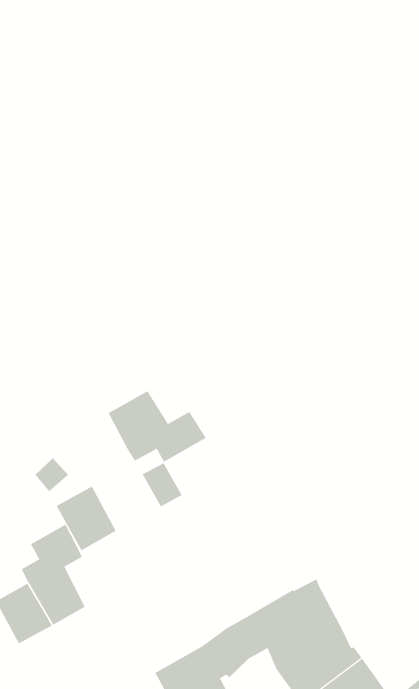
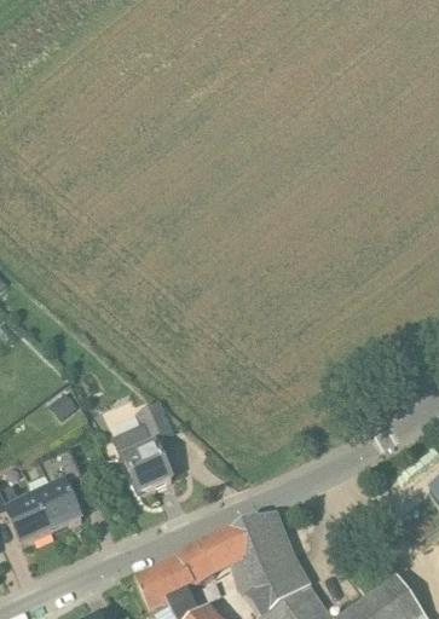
building: [108,391,207,462] -> none
building: [56,486,117,551] -> [121,438,171,492]

